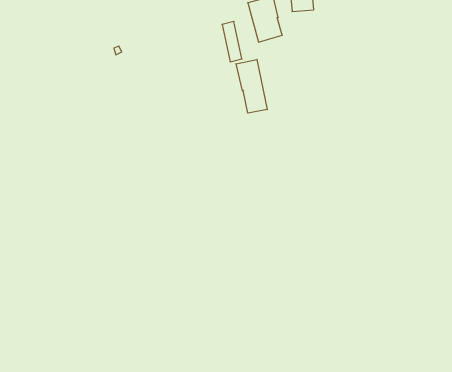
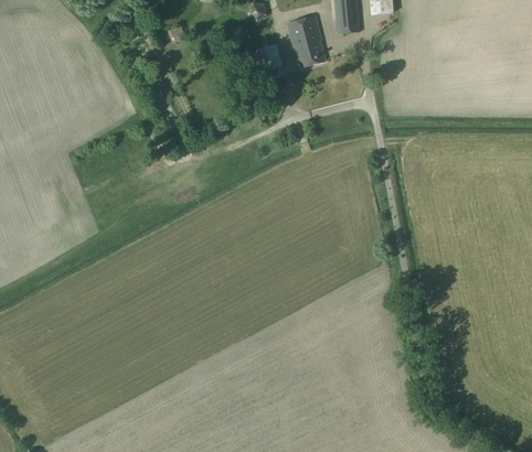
building: [236,59,267,113] -> none

